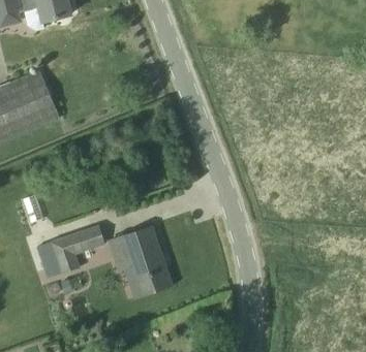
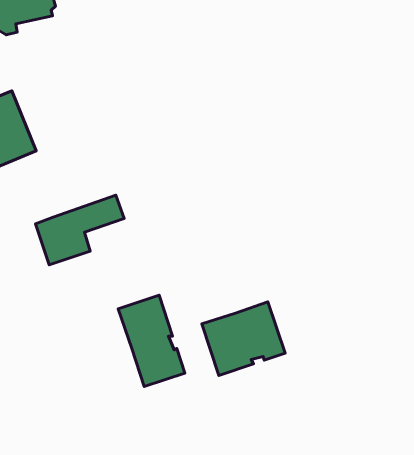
building: [37,225,104,278] -> [35,195,124,265]
building: none -> [202,302,285,375]

